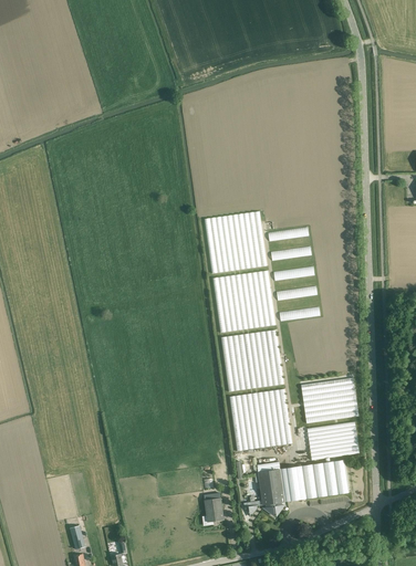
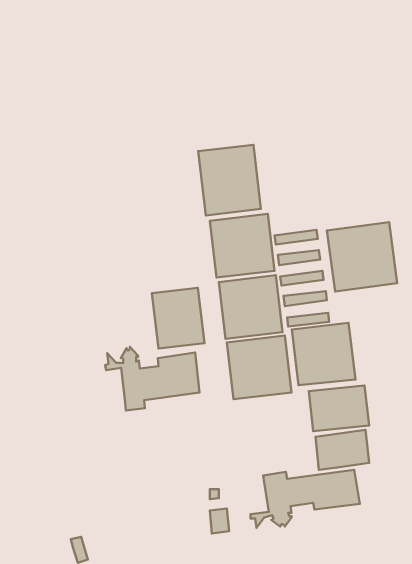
building: none -> [198,145,261,215]
building: none -> [327,222,397,291]
building: none -> [152,288,205,349]
building: none -> [105,347,199,410]
building: [230,389,292,450] -> [292,323,355,385]

